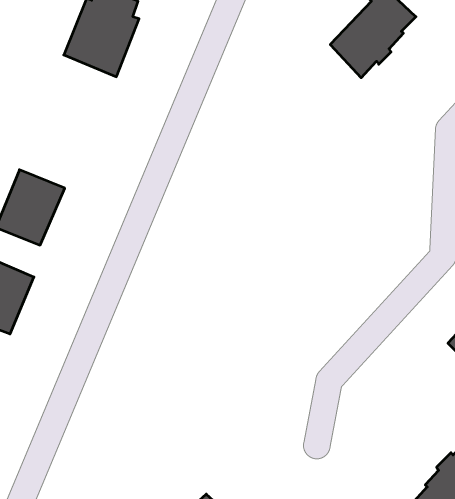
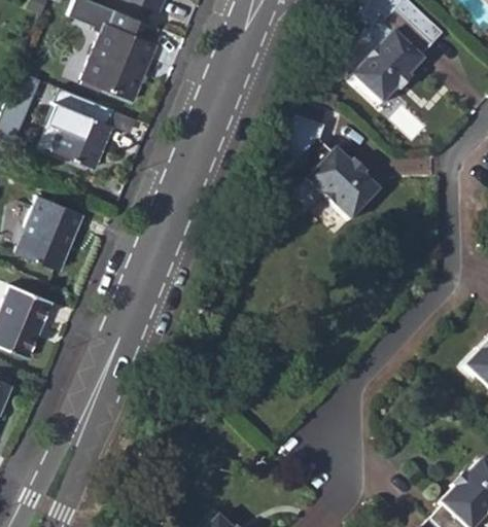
building: none -> [48,107,113,180]
building: none -> [285,113,382,221]

